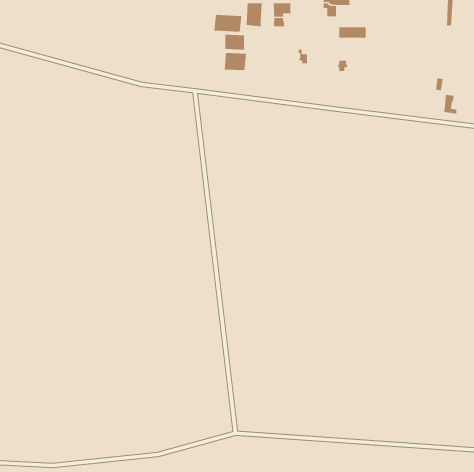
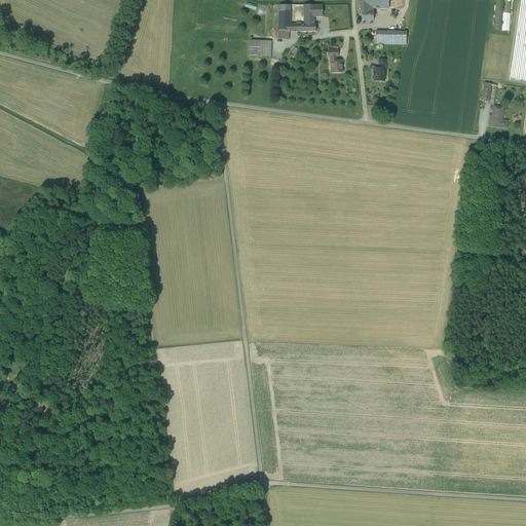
building: [214,14,242,32] -> none
building: [224,52,246,71] -> none

